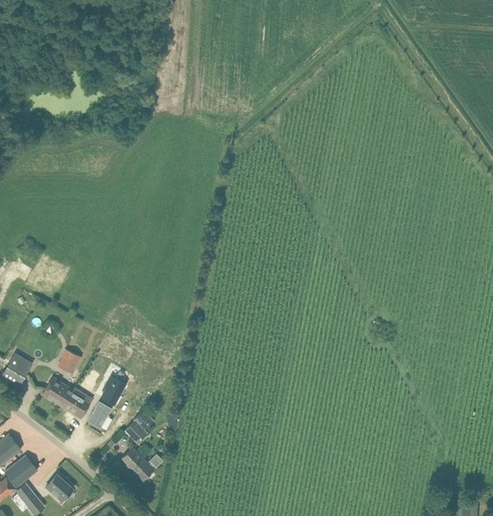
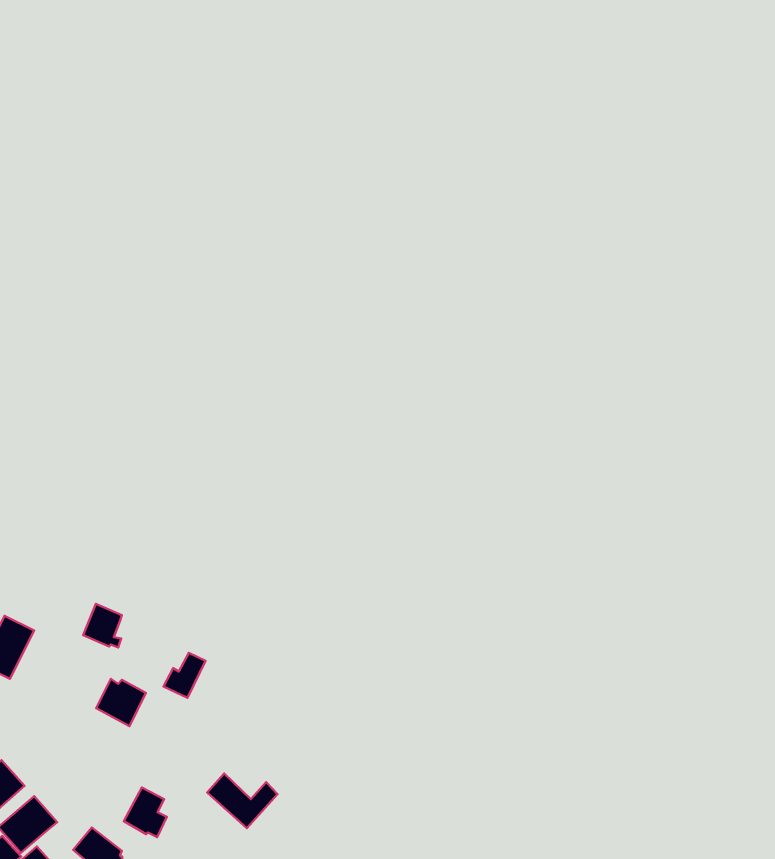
building: [41,379,72,408] -> none
building: [88,402,112,430] -> [124,788,167,837]
building: [124,410,153,443] -> none

